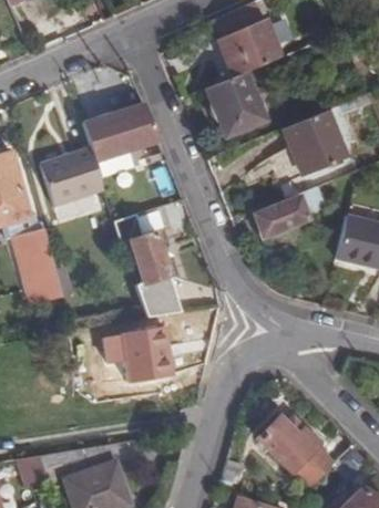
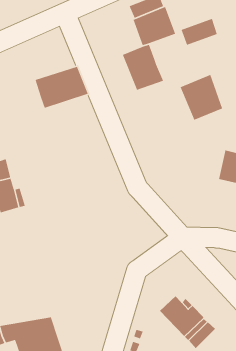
building: none -> [180,18,218,46]
building: [44,145,107,204] -> none
building: [257,186,327,232] -> none
building: [119,212,183,314] -> none
building: [104,329,172,398] -> none

